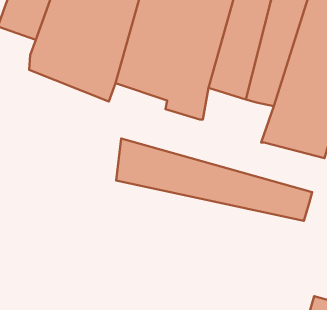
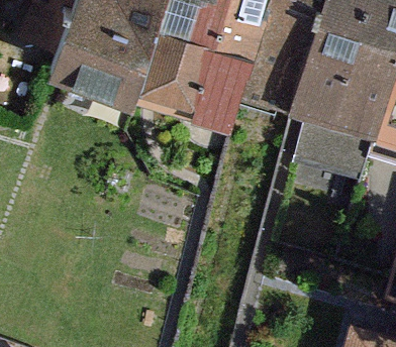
building: [116,139,312,221] -> none

